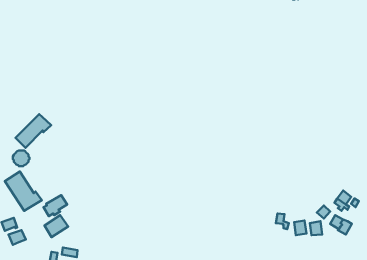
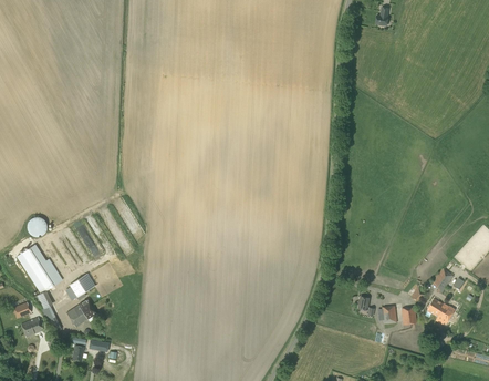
building: [15,114,51,148] -> none

